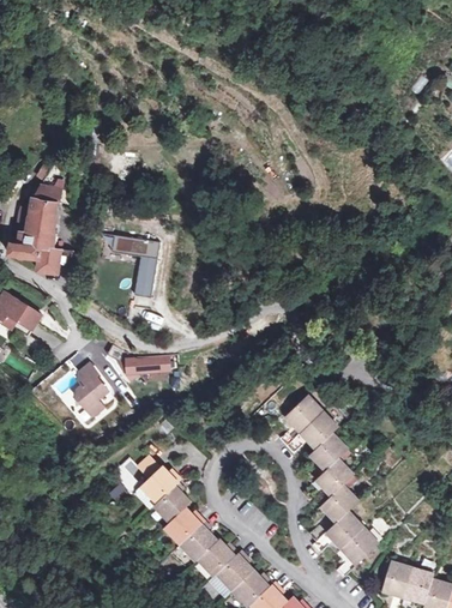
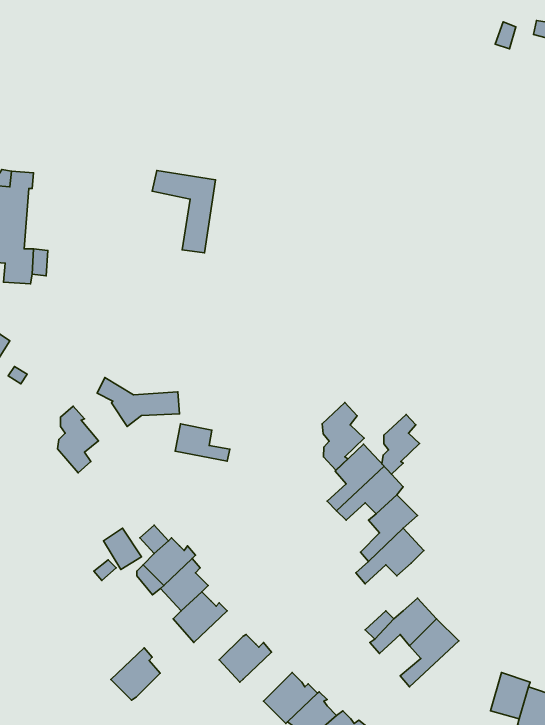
building: [110,236,158,299] -> [152,170,216,253]
building: none -> [322,403,364,470]
building: none -> [382,415,419,474]
building: none -> [175,424,230,461]
building: [323,484,360,520] -> none
building: [180,520,217,560] -> [111,648,160,700]
building: [217,548,254,589] -> none
building: [385,561,412,596] -> none

